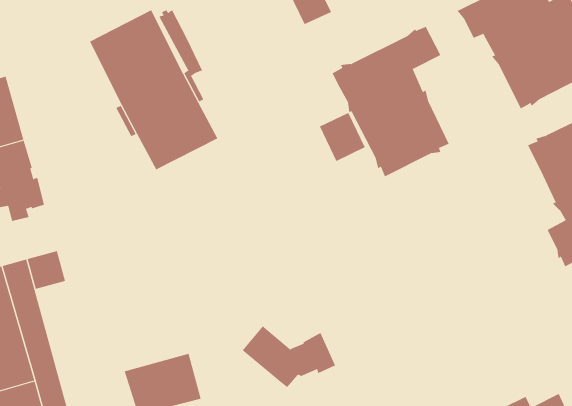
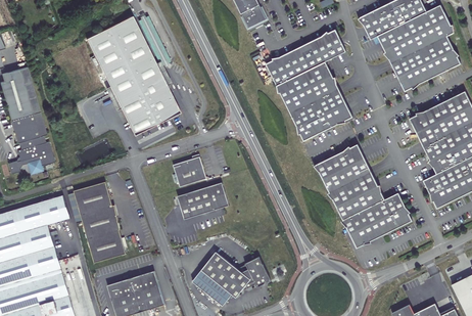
building: [319,112,366,162] -> none
building: none -> [314,144,413,249]
building: none -> [171,159,203,188]
building: none -> [74,181,126,262]
building: none -> [176,183,227,219]
building: none -> [190,269,229,305]

